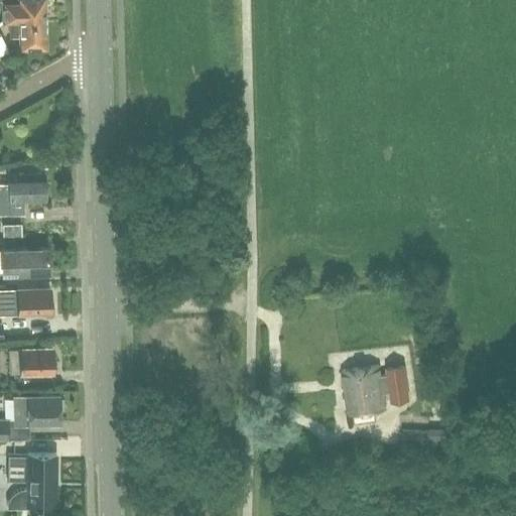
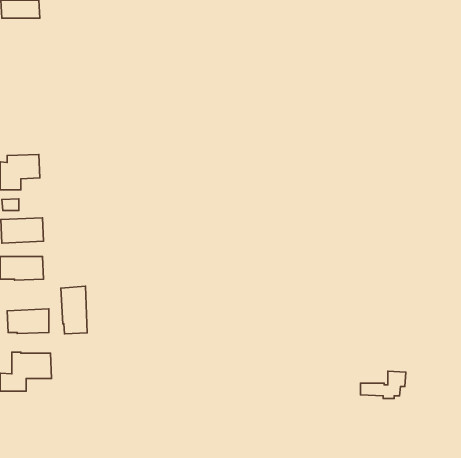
building: [19,24,46,50] -> none
building: none -> [61,286,87,334]
building: [341,366,411,417] -> none
building: [8,456,53,510] -> none

